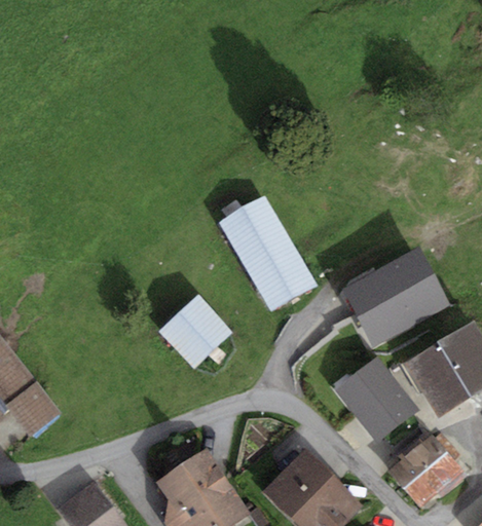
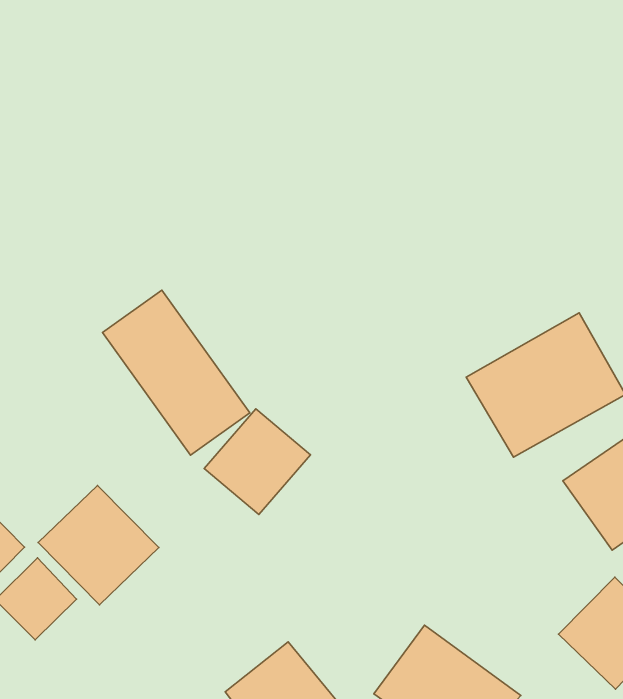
building: [220,195,314,309] -> [103,290,250,455]
building: none -> [38,485,159,605]
building: [319,350,411,439] -> none

